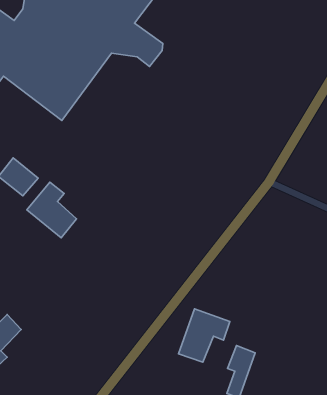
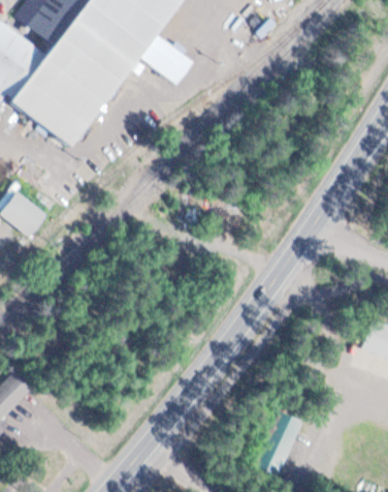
building: [27,182,77,238] -> none
building: [178,309,230,362] -> none

